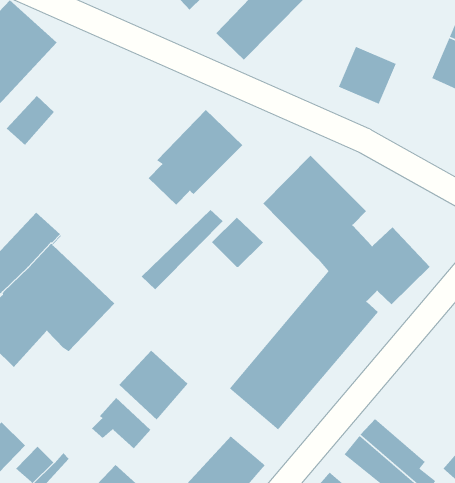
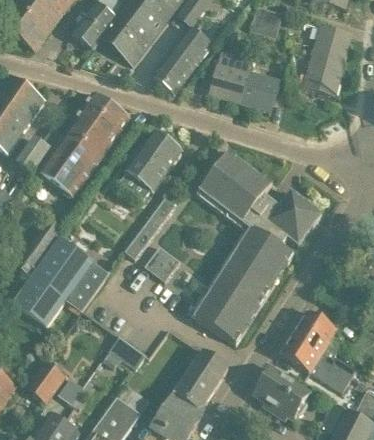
building: none -> [210,52,252,102]
building: none -> [39,92,129,195]
building: [211,217,264,268] -> [145,246,181,281]
building: [119,350,189,420] -> none
building: none -> [299,310,352,355]

